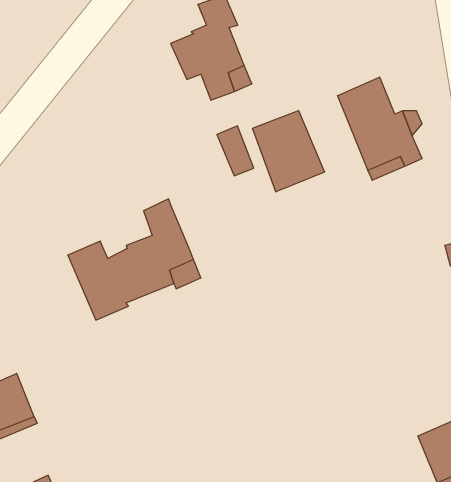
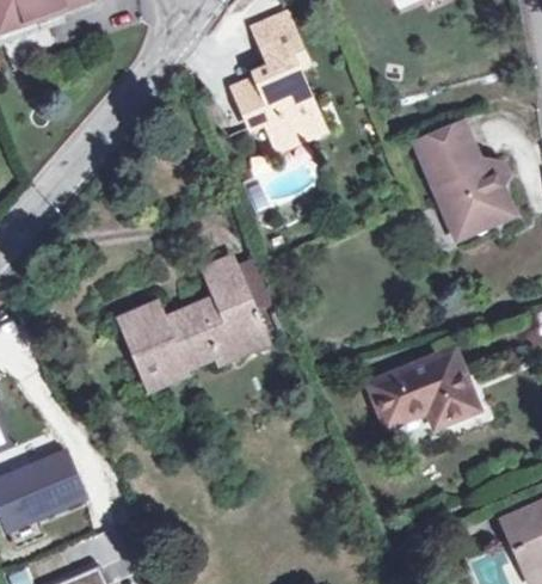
building: [253,111,324,192] -> none
building: [217,126,254,176] -> [233,258,273,313]
building: none -> [369,350,475,425]

